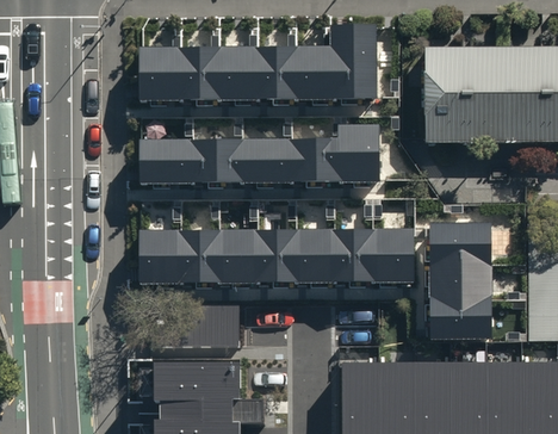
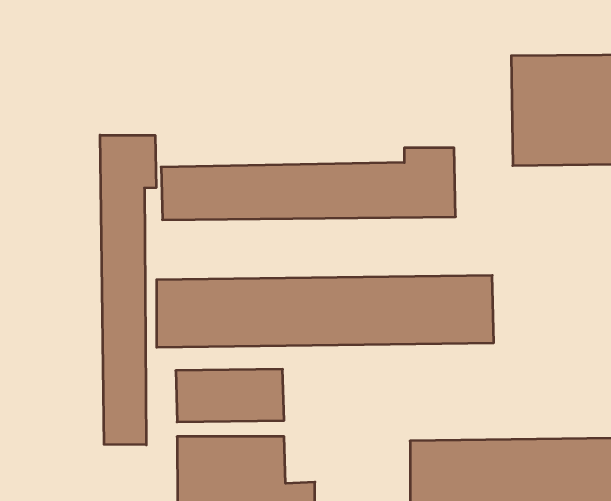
building: [138,25,378,101] -> none
building: none -> [100,135,156,445]
building: [427,227,488,342] -> none

